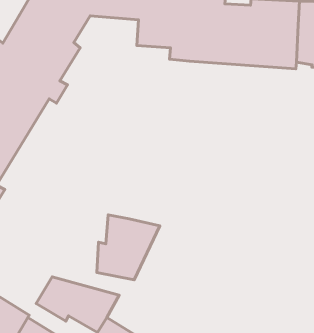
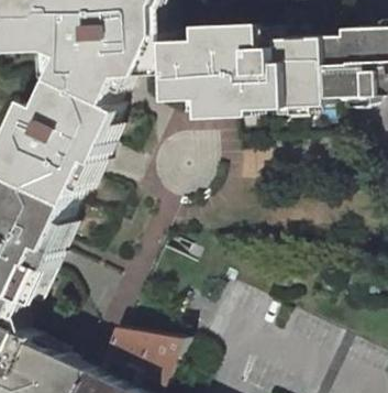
building: [97,215,160,280] -> none

